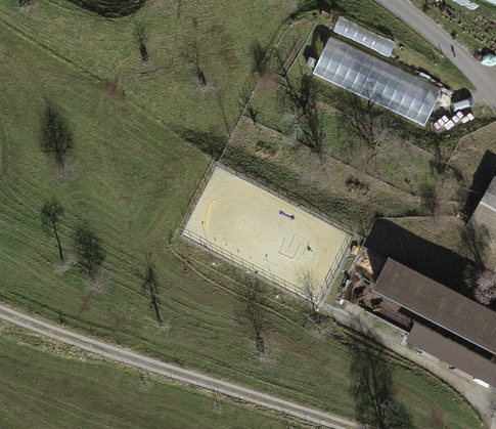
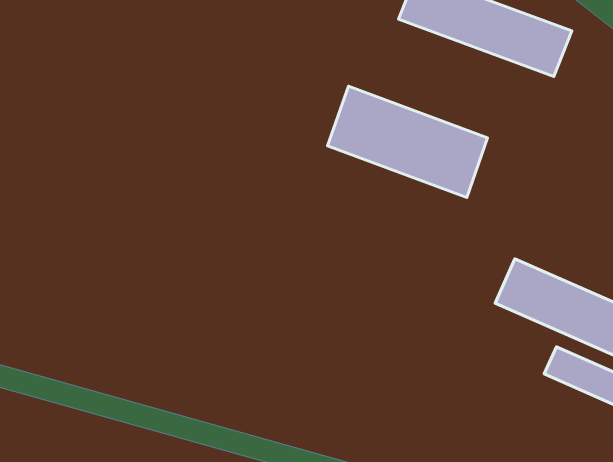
building: none -> [328,86,488,197]

